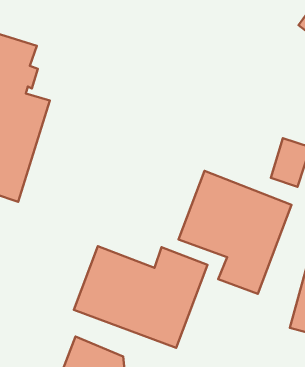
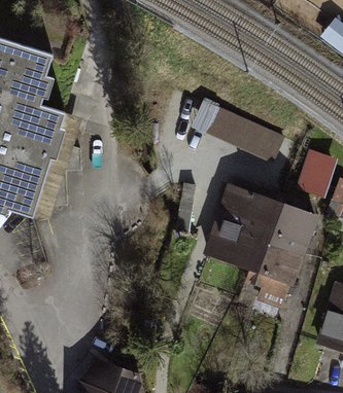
building: none -> [193,103,284,163]
building: [74,246,208,348] -> none

